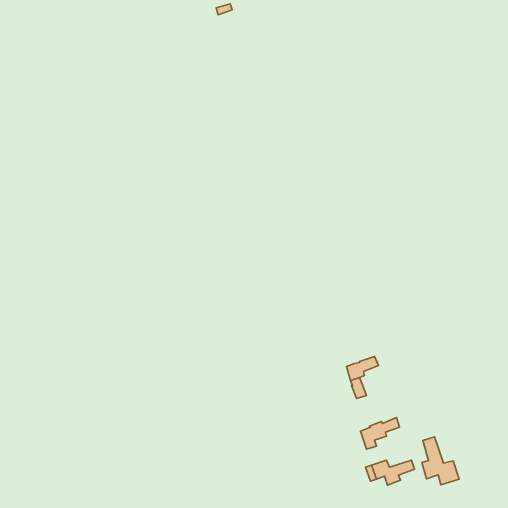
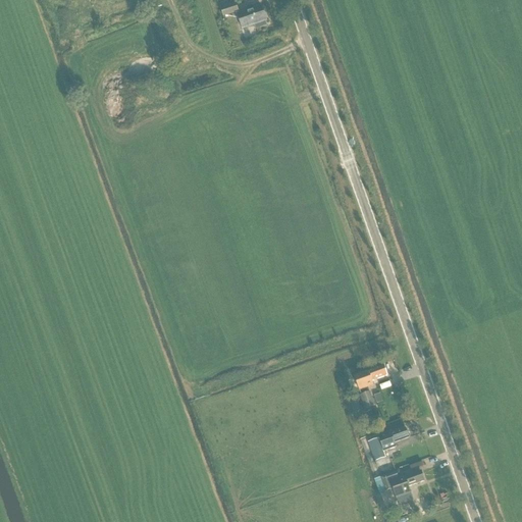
building: none -> [239,6,267,28]
building: [422,437,459,485] -> none

